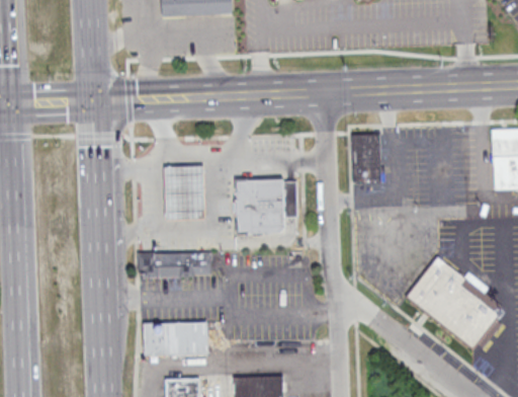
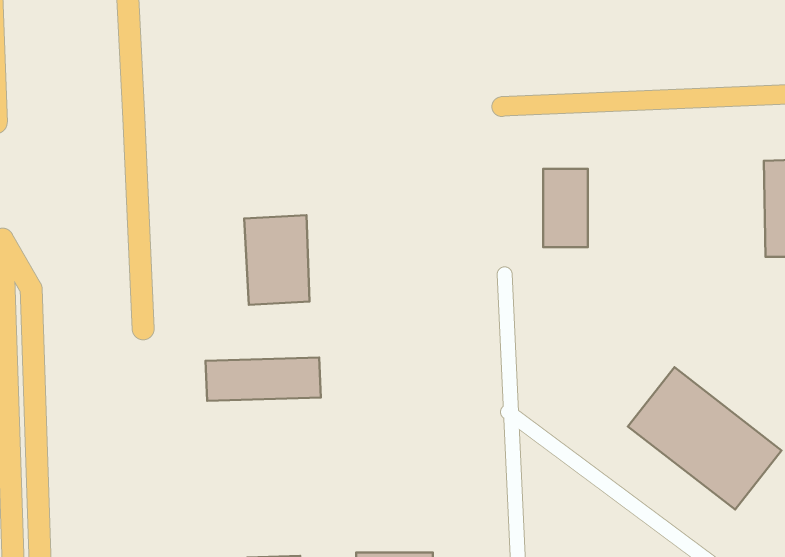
building: [236,180,298,236] -> none
building: [144,321,208,354] -> none

